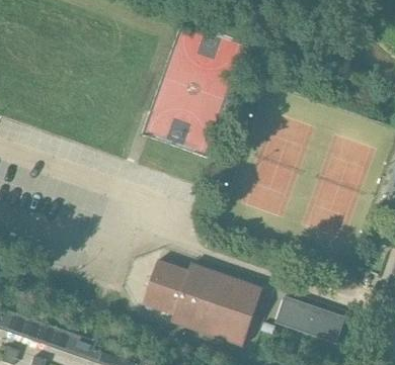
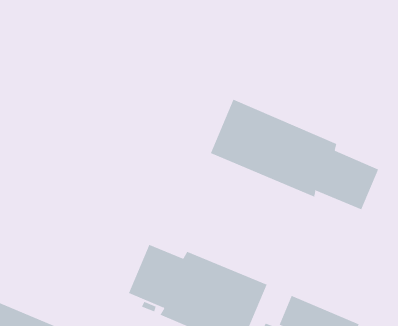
building: none -> [210,99,379,210]

